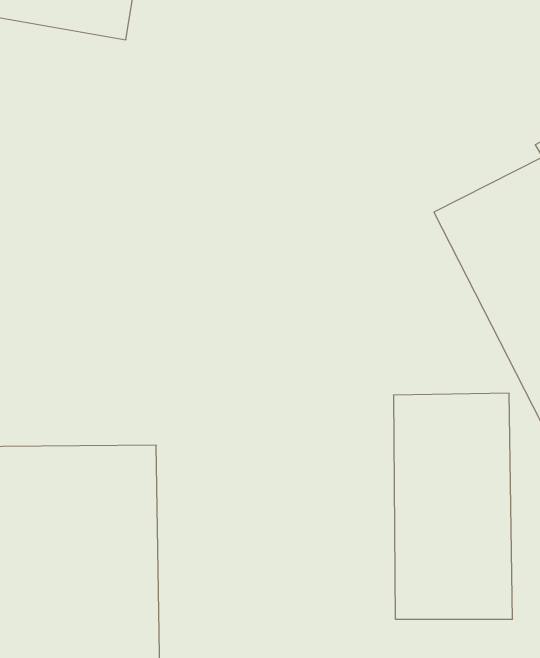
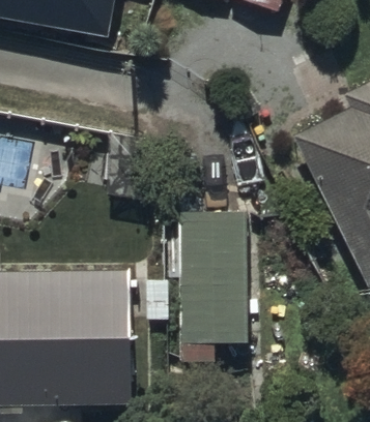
building: [393,393,513,619] -> [180,209,250,340]

